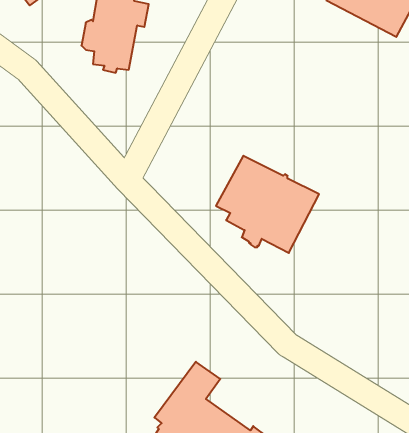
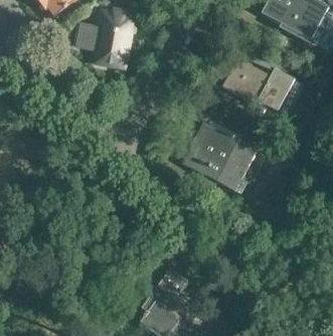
building: none -> [222,57,294,110]

